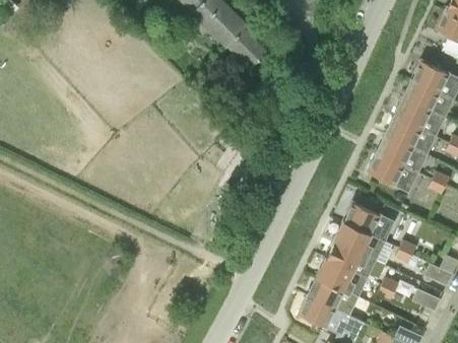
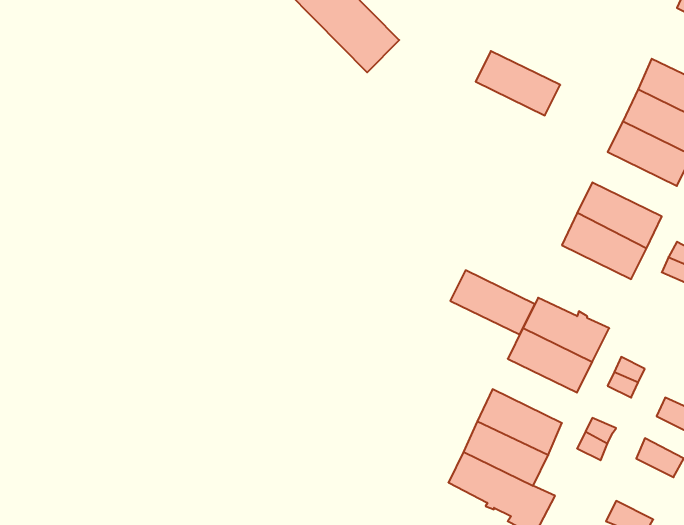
building: [386,116,437,154] -> [476,51,560,115]
building: [326,239,377,278] -> [450,270,535,335]

